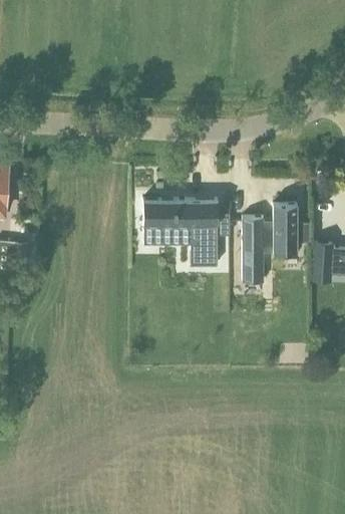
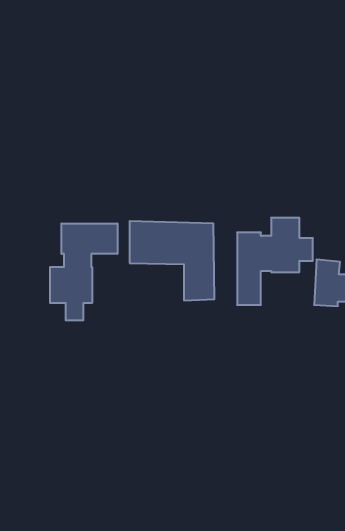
building: none -> [50,223,117,320]

